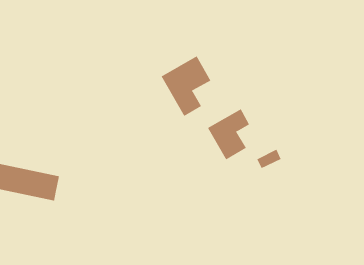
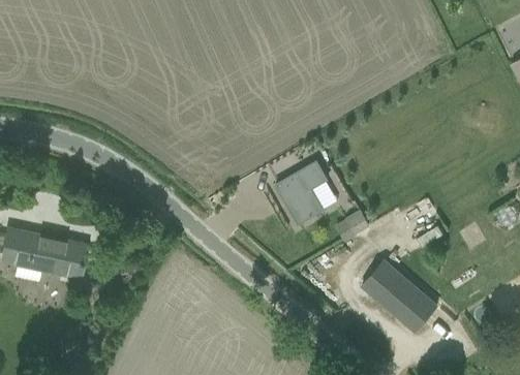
building: [161,56,211,117] -> none
building: none -> [363,260,438,332]

